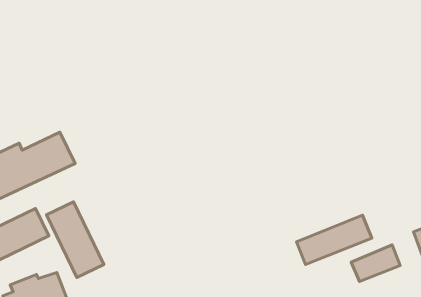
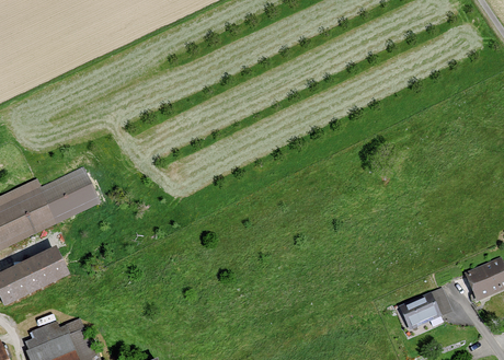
building: [46,202,104,278] -> none
building: [296,215,372,265] -> none

